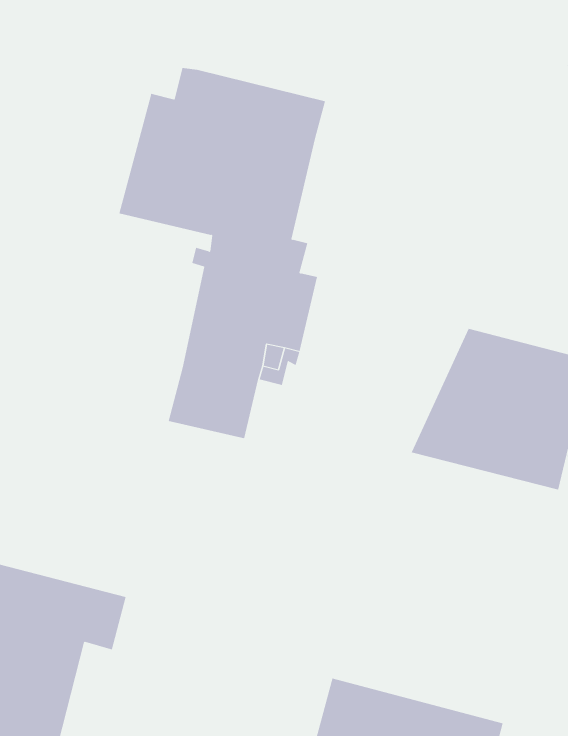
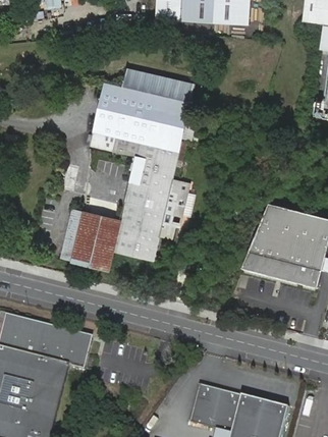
building: none -> [59,210,121,269]

